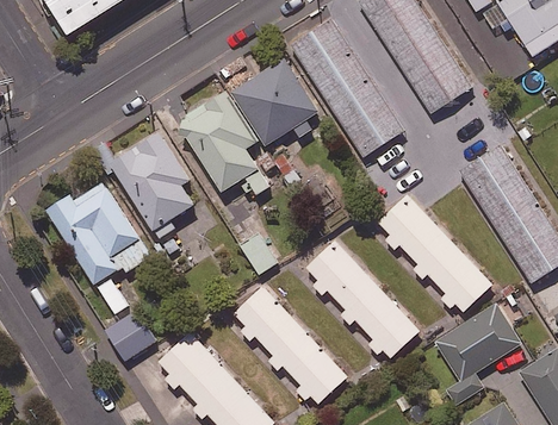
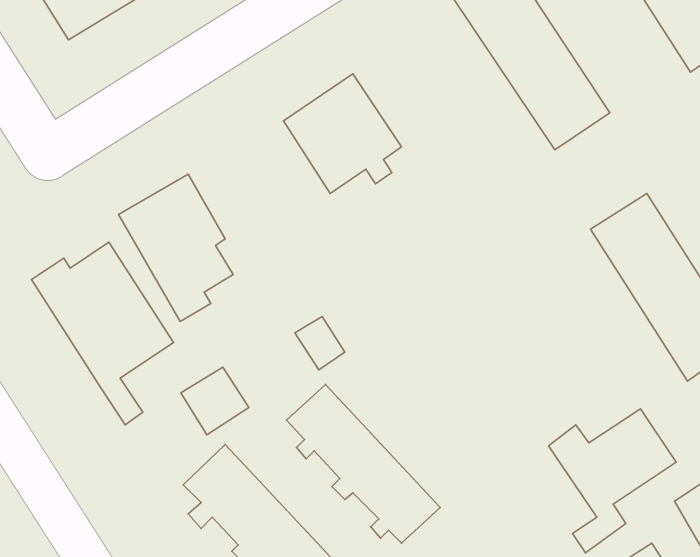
building: [290,19,403,157] -> none
building: [182,89,269,196] -> none
building: [378,195,491,311] -> none
building: [306,240,418,357] -> none
building: [105,311,155,361] -> [181,367,249,435]

